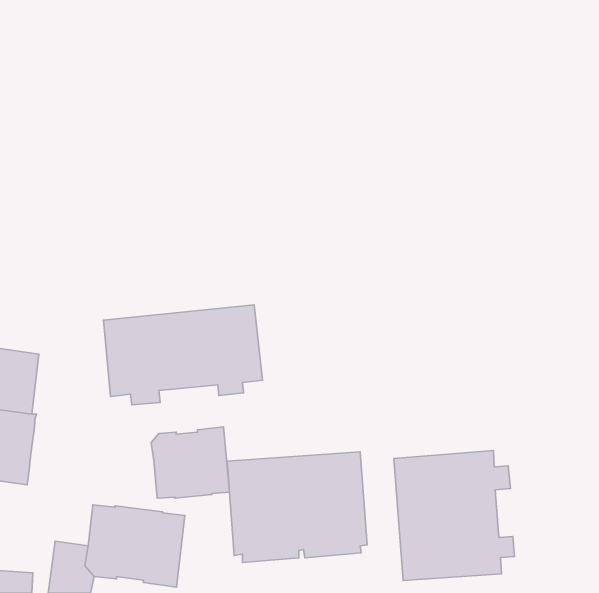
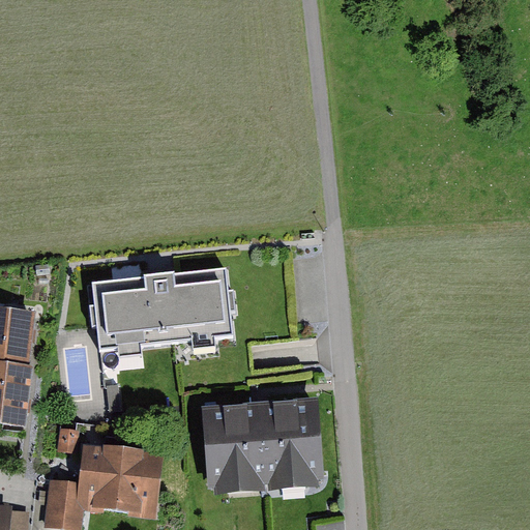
building: [151,427,229,498] -> none
building: [394,450,514,581] -> none

